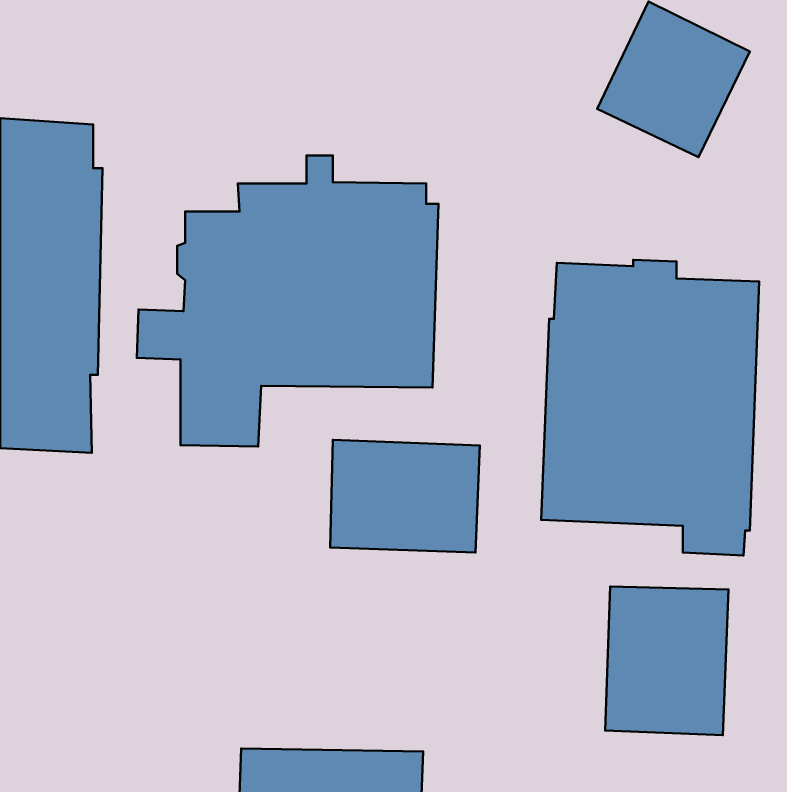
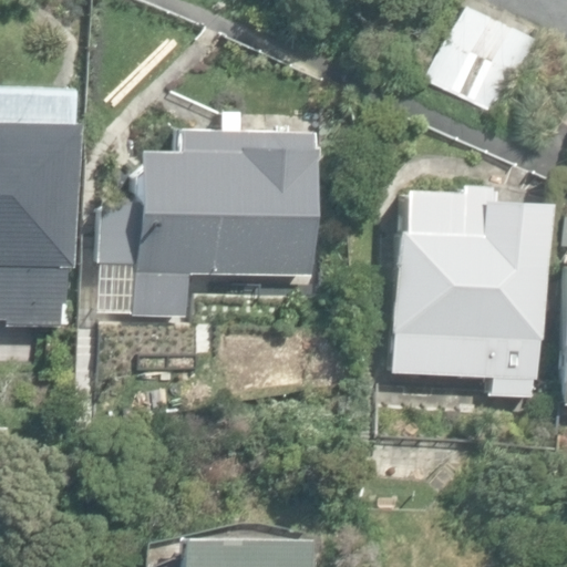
building: [330,440,480,553] -> none
building: [605,587,728,735] -> none

